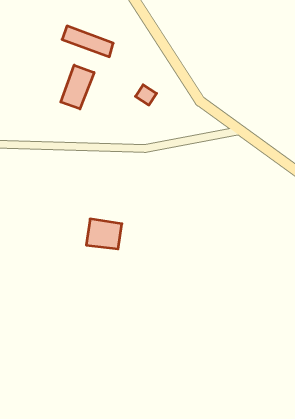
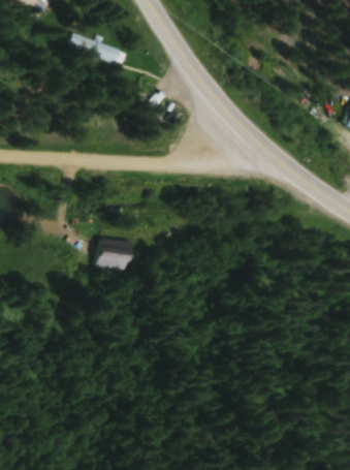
building: [61,65,94,109] -> none

